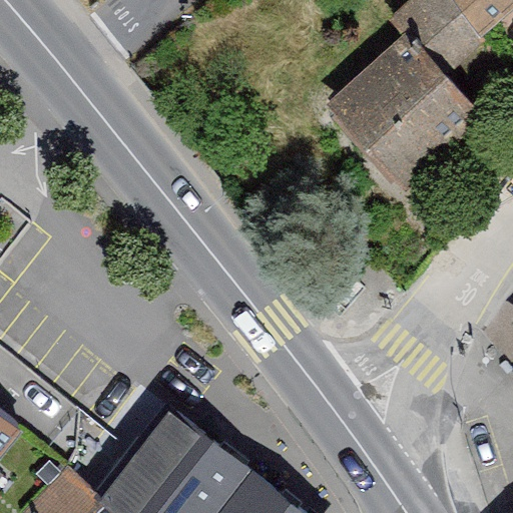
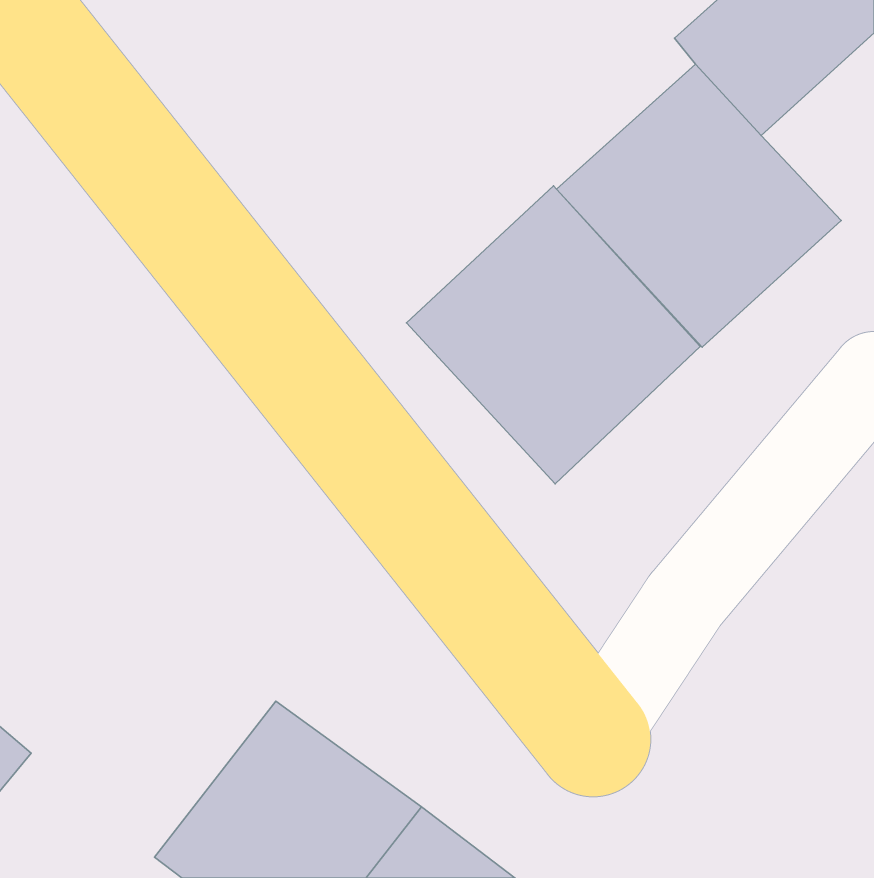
building: none -> [407,186,700,484]

